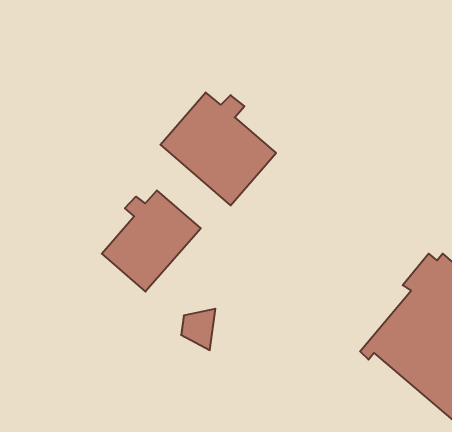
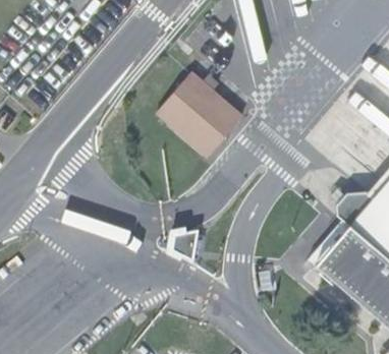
building: [102,190,201,292] -> none

